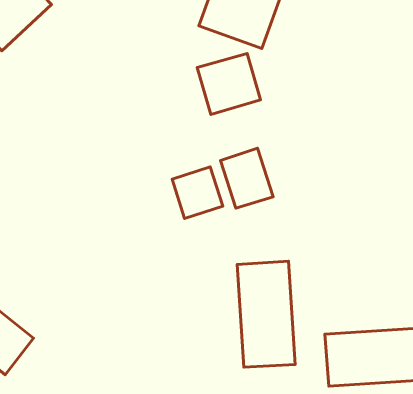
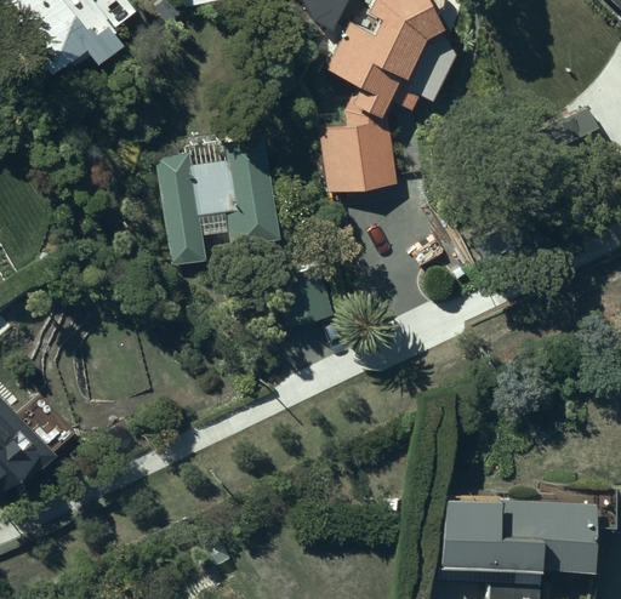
building: none -> [154,136,272,240]
building: [221,148,273,208] -> none
building: [237,261,295,367] -> none

